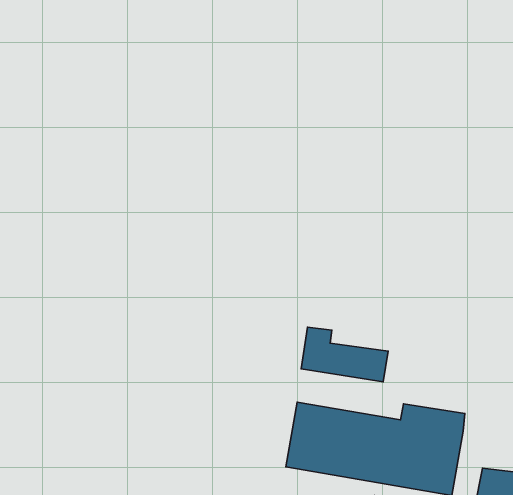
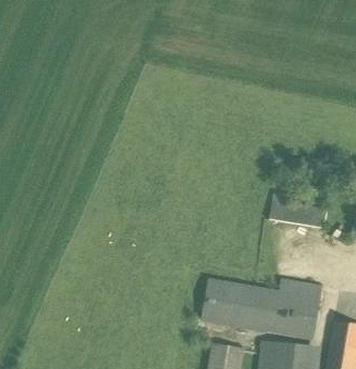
building: [301,327,388,382] -> [268,191,328,228]

